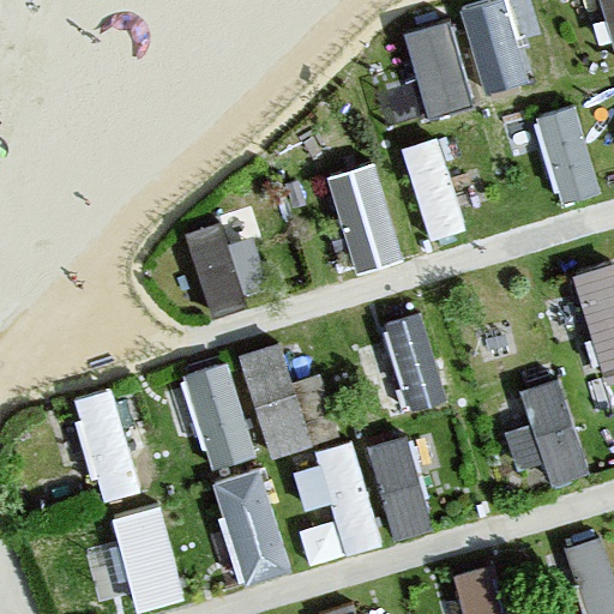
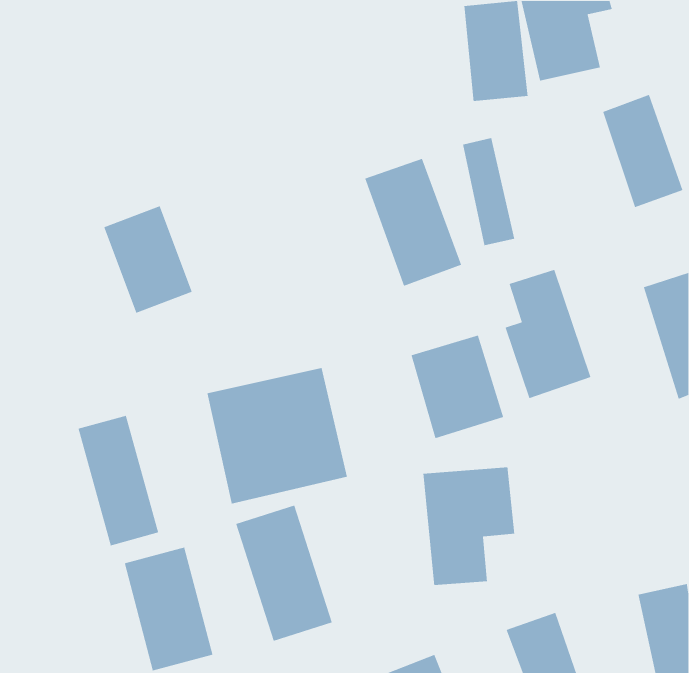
building: [181,215,260,311] -> [103,205,193,314]
building: [514,374,591,489] -> [504,269,591,399]
building: [294,445,383,554] -> none

